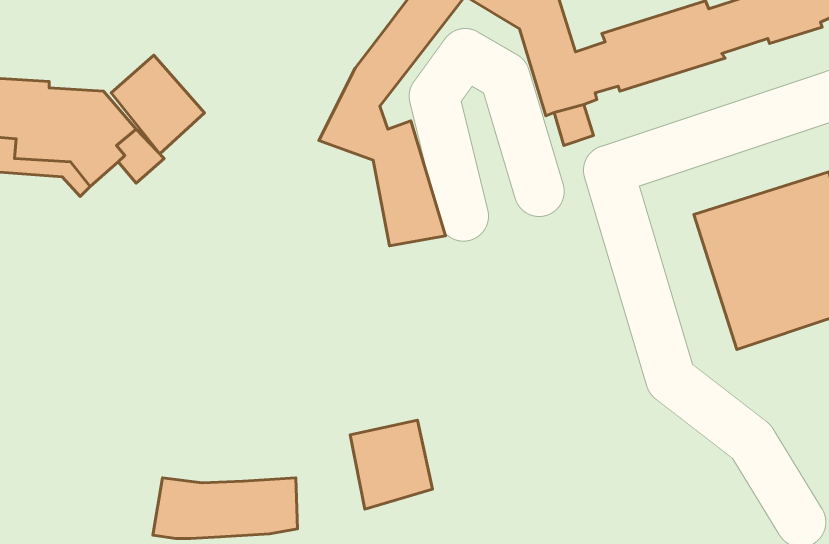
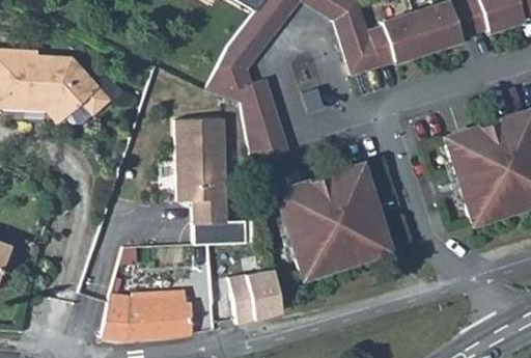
building: [111,55,204,154] -> none
building: none -> [177,117,249,244]
building: none -> [283,164,387,275]

